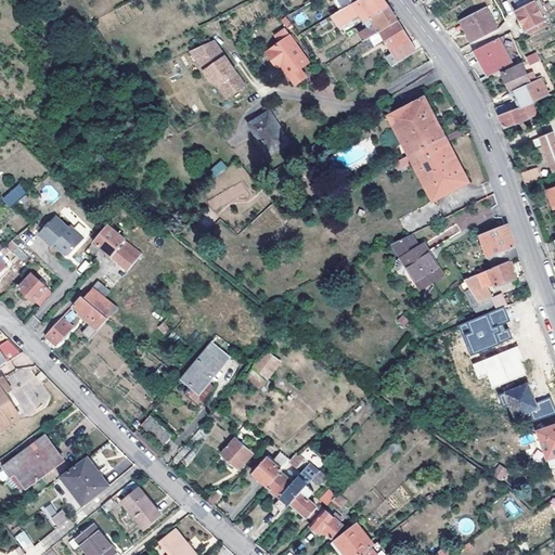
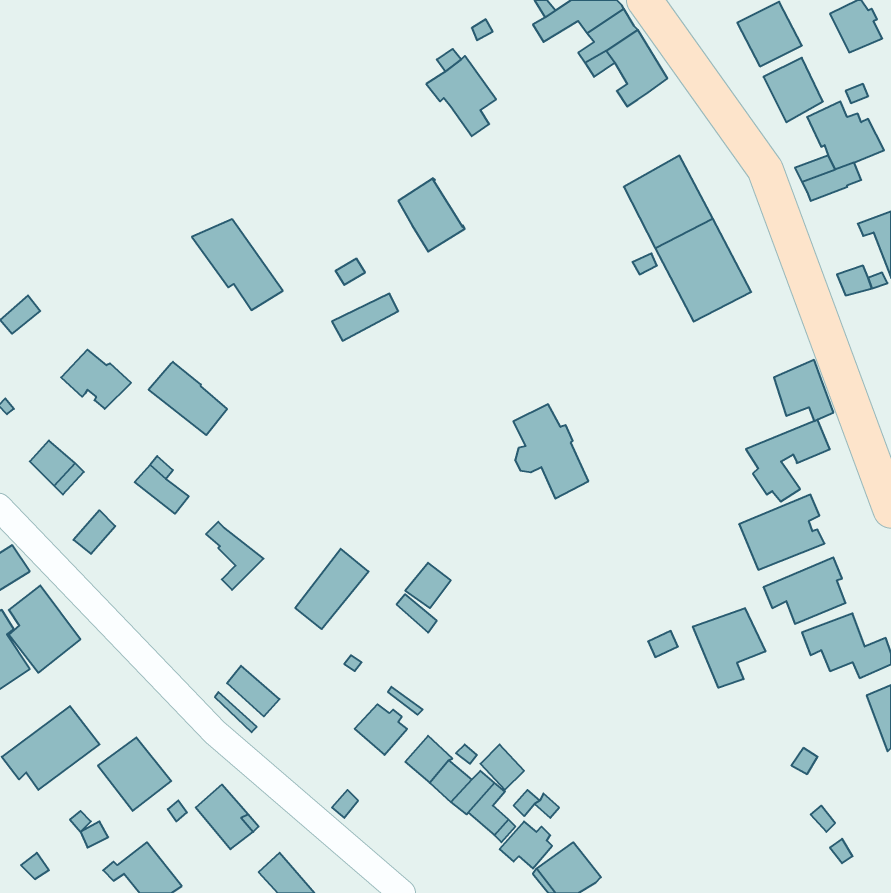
building: [188,41,244,98] -> [192,219,283,310]
building: [390,232,437,291] -> [513,404,588,499]
building: [73,296,108,338] -> [206,522,264,590]
building: none -> [693,608,765,688]

